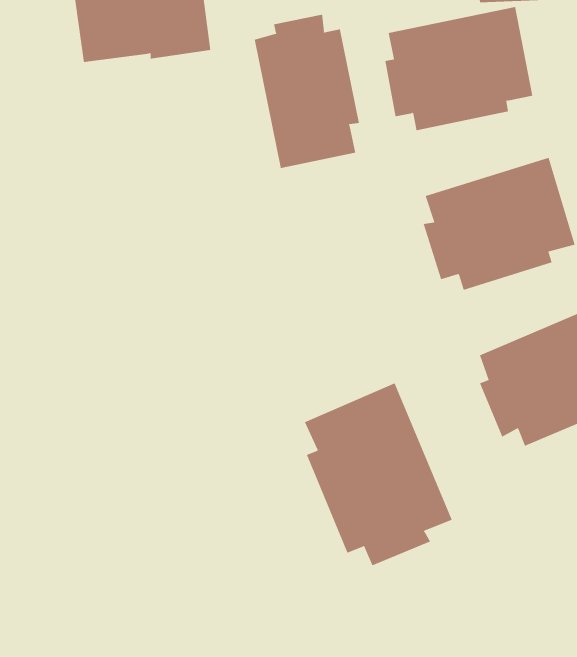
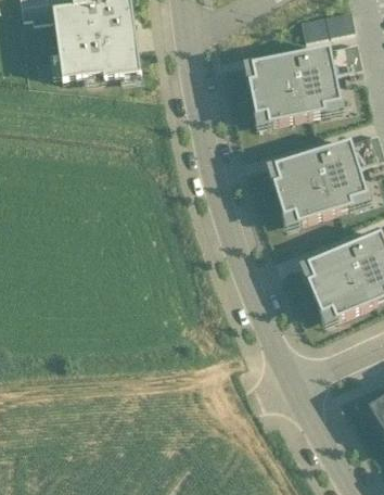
building: [254,14,360,169] -> none
building: [304,383,453,566] -> none

